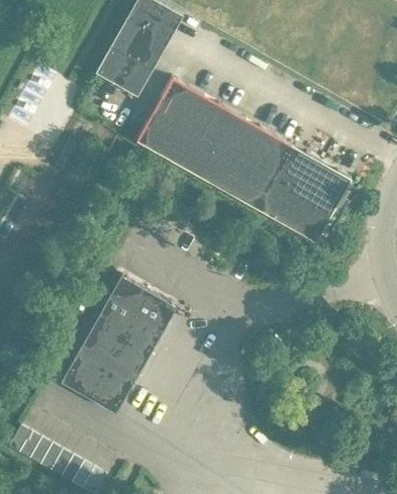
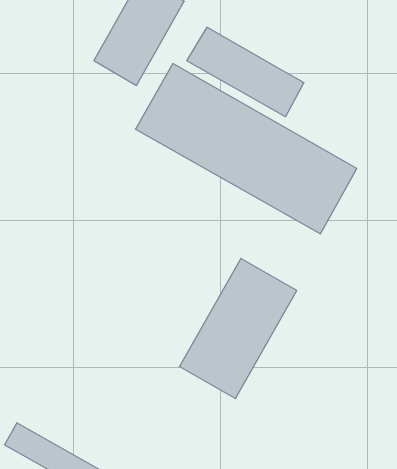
building: none -> [187,27,304,117]
building: [60,276,174,412] -> [179,258,297,399]

